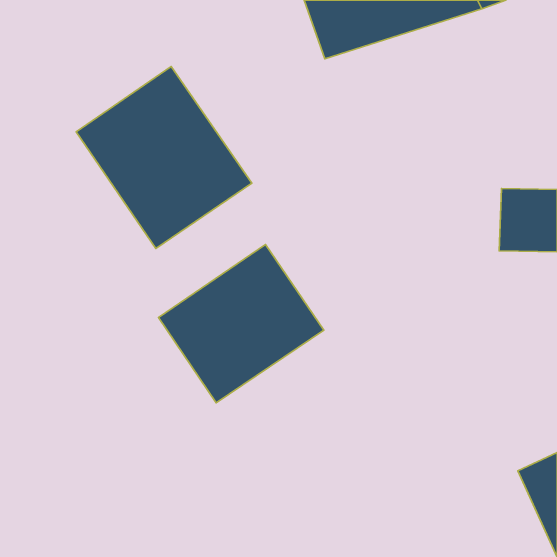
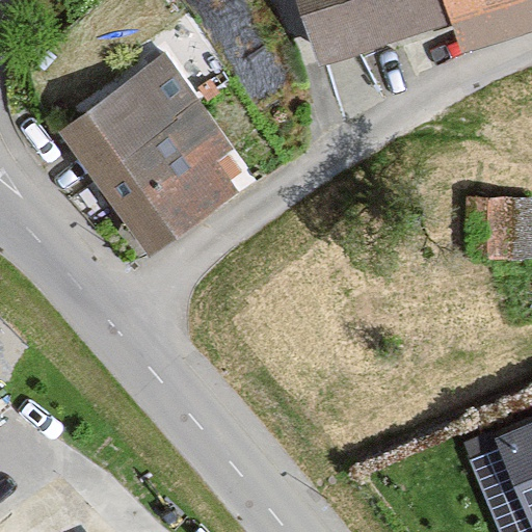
building: [159,245,324,403] -> none

